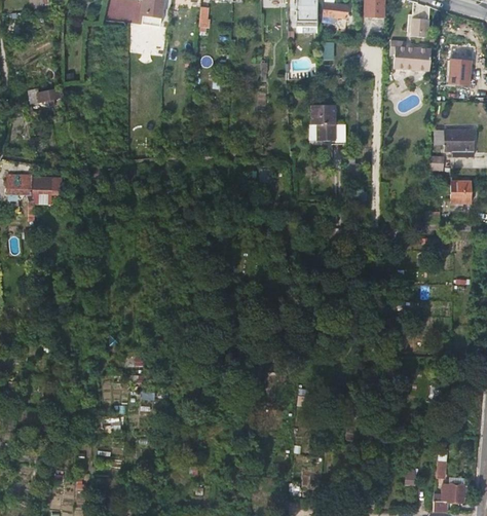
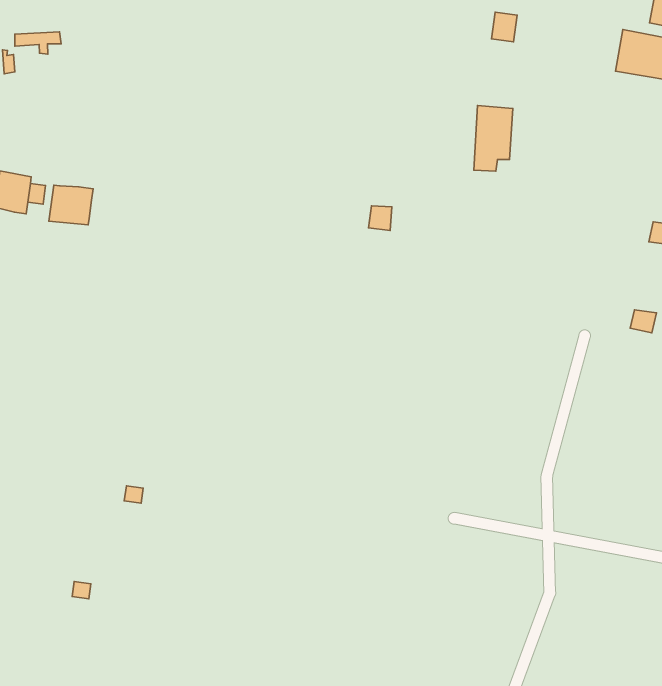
building: none -> [49,185,93,225]

